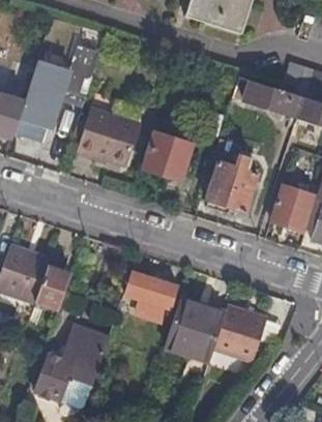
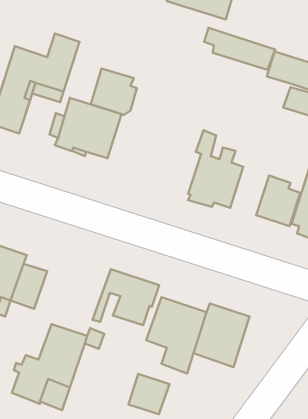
building: [236,77,304,117] -> [204,28,275,70]
building: [145,133,189,178] -> [91,69,137,115]
building: none -> [128,374,169,414]

